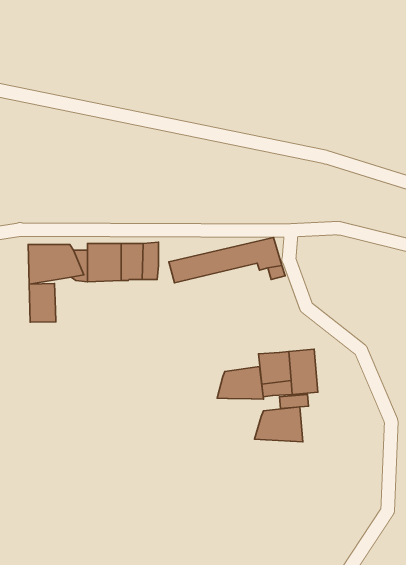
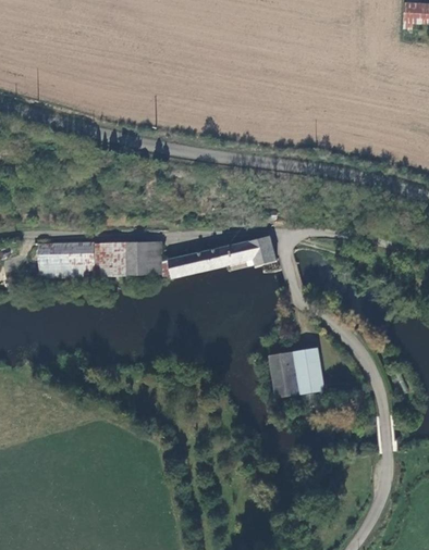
building: [29,284,56,322] -> none
building: [217,366,263,399] -> none
building: [255,407,303,442] -> none

